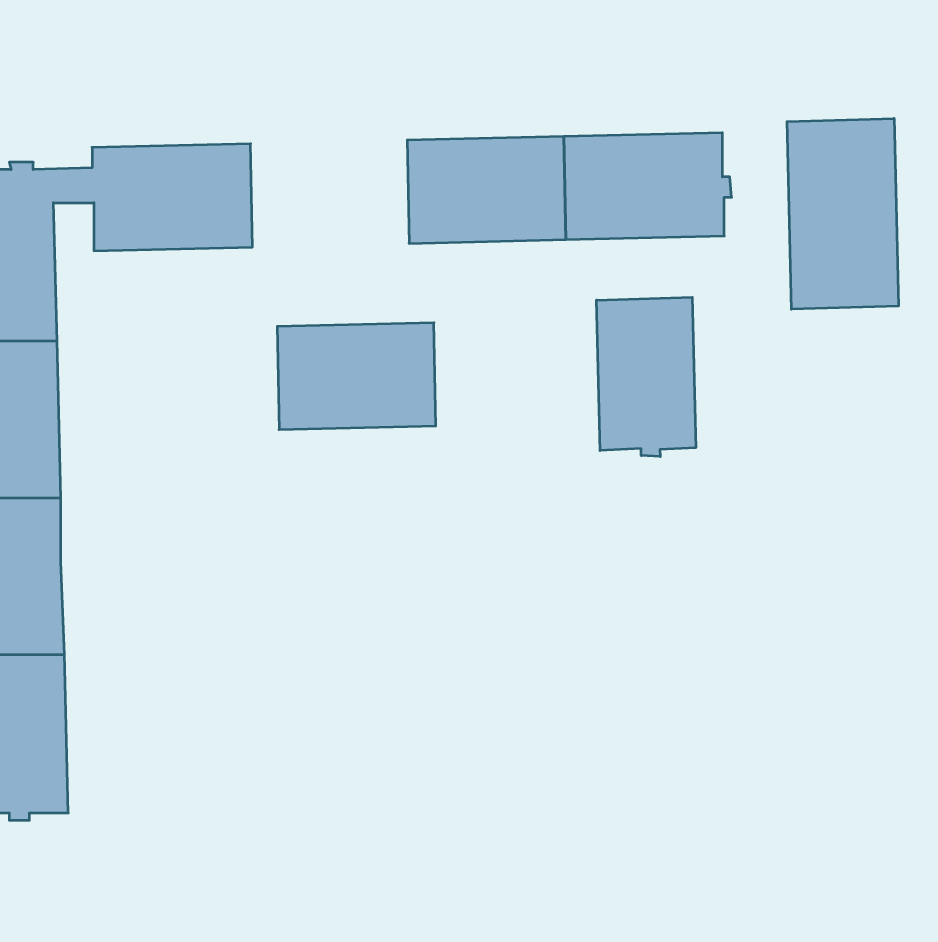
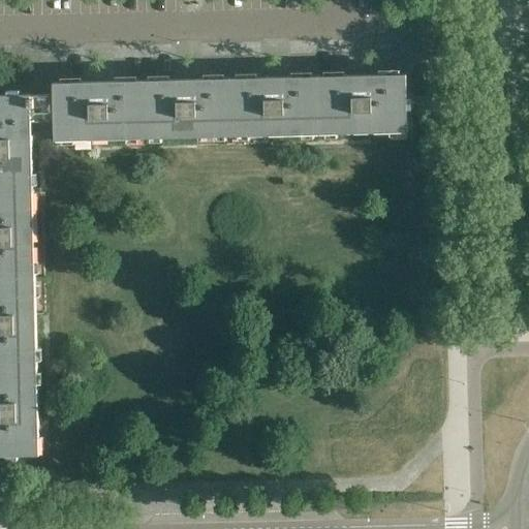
building: [787,118,898,309] -> none
building: [597,297,696,457] -> none
building: [277,323,436,430] -> [141,79,229,138]

